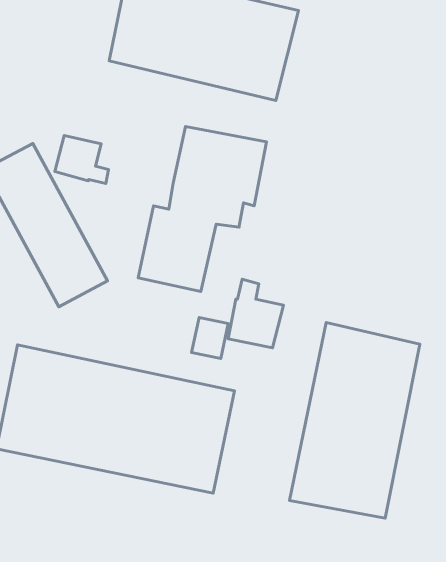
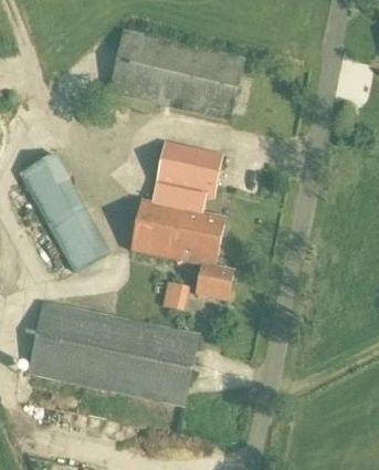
building: [55,136,109,184] -> none
building: none -> [176,211,227,265]
building: [290,322,420,518] -> none

